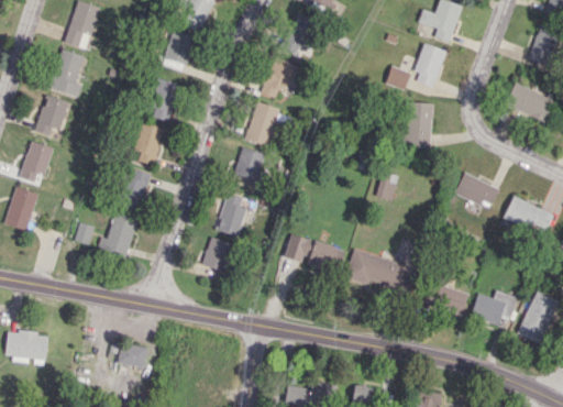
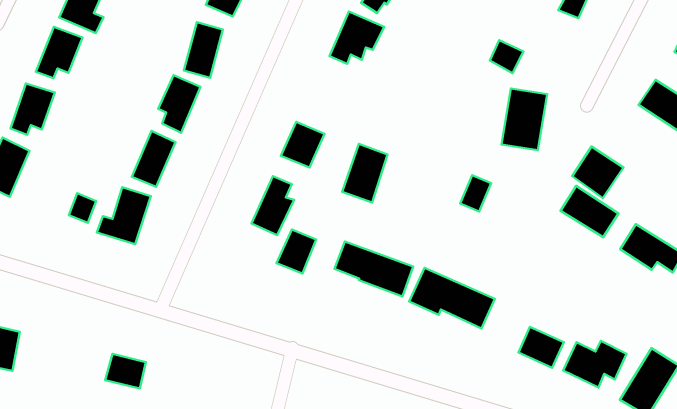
building: [415,43,446,87] -> none
building: [246,102,278,146] -> [342,144,388,202]
building: none -> [572,146,624,198]
building: [202,238,231,271] -> [276,230,316,273]

